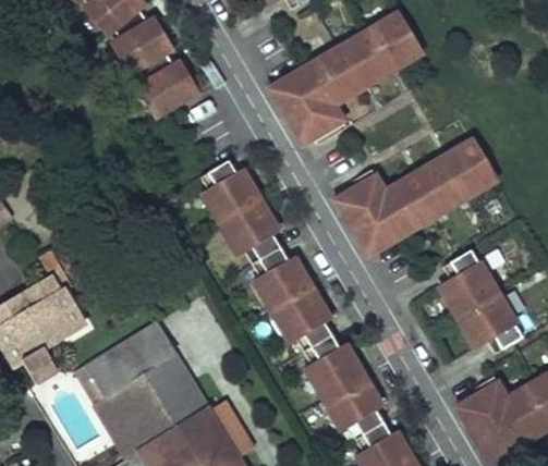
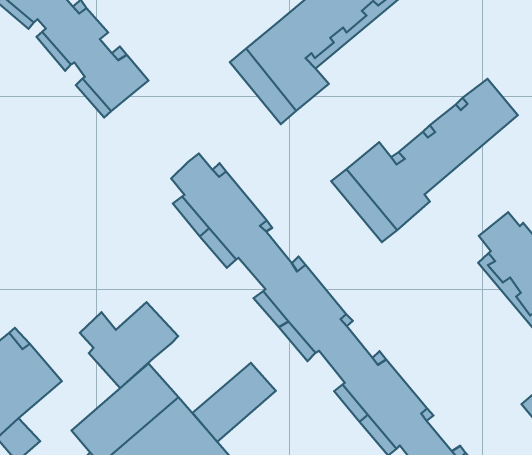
building: none -> [80,302,178,388]
building: none -> [193,363,276,442]

